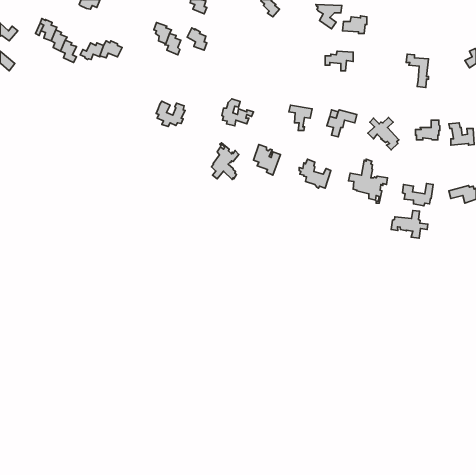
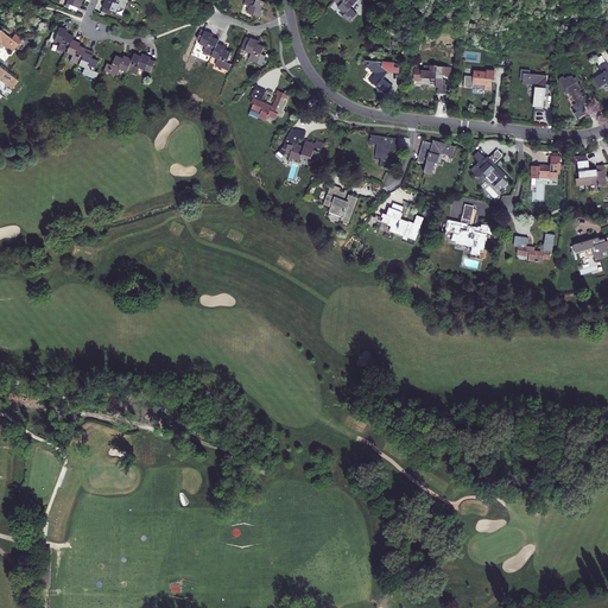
building: [316,5,342,29] -> [365,61,398,91]
building: [343,16,367,34] -> [463,68,494,90]
building: none -> [557,75,589,118]
building: [156,101,185,126] -> [249,88,286,120]
building: [212,143,239,179] -> none
building: [391,210,428,238] -> none

